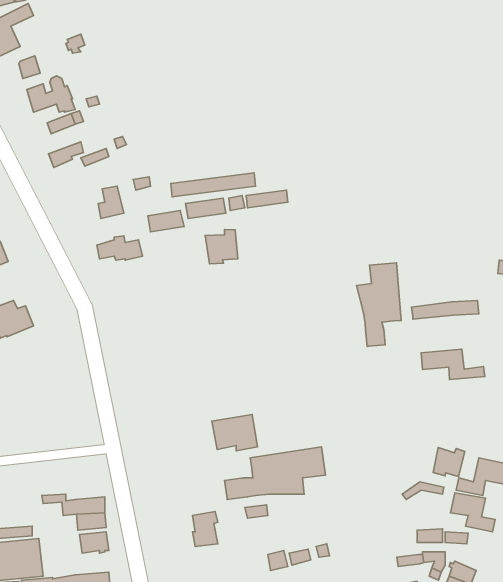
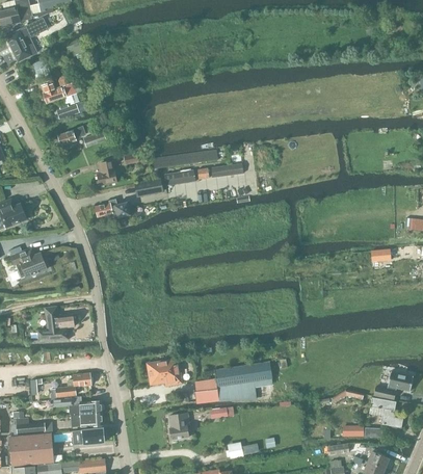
building: [205,230,238,264] -> none
building: [356,263,401,346] -> none
building: [421,349,485,379] -> none
building: none -> [37,306,75,341]
building: [212,414,258,451] -> [147,358,182,386]
building: [433,448,465,476] -> none
building: none -> [56,373,91,396]

